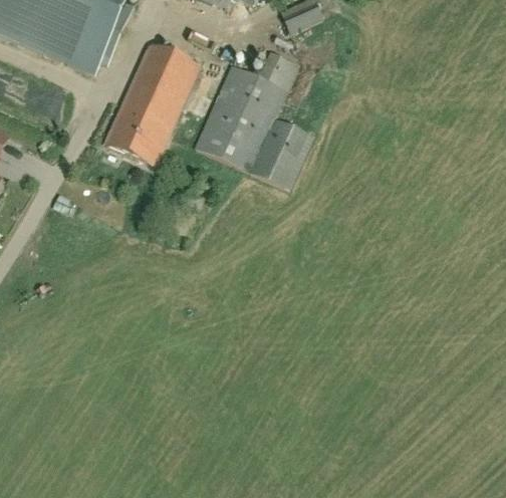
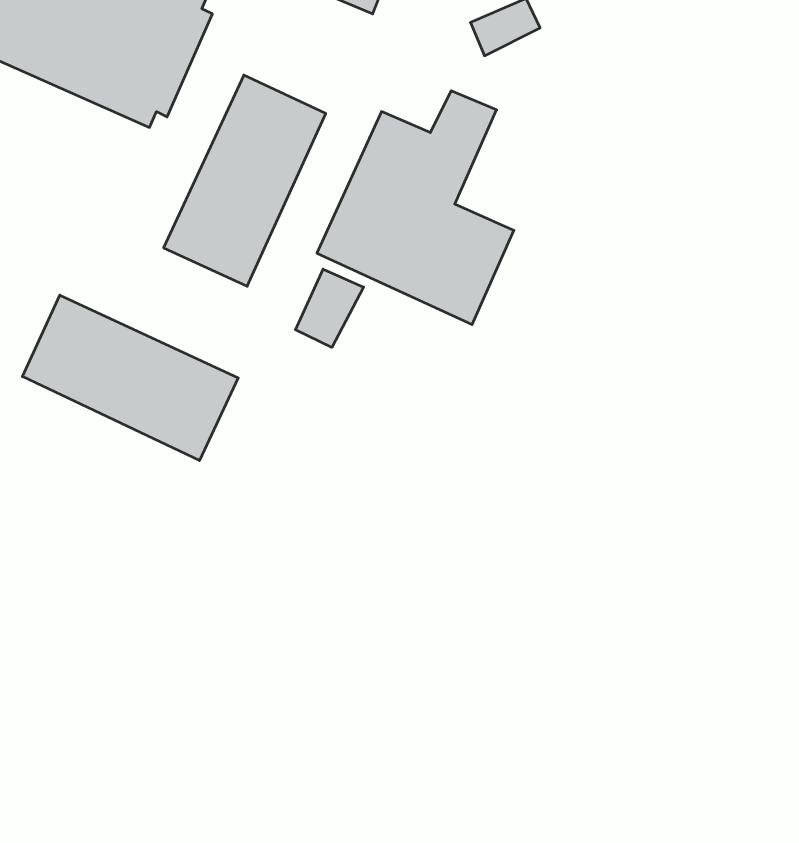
building: none -> [295,269,364,347]
building: none -> [22,295,238,461]

